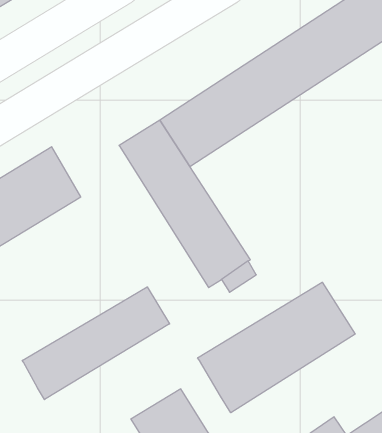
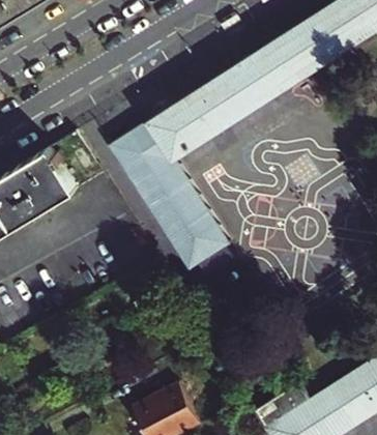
building: [198,282,355,413] -> none
building: [22,287,170,400] -> none

